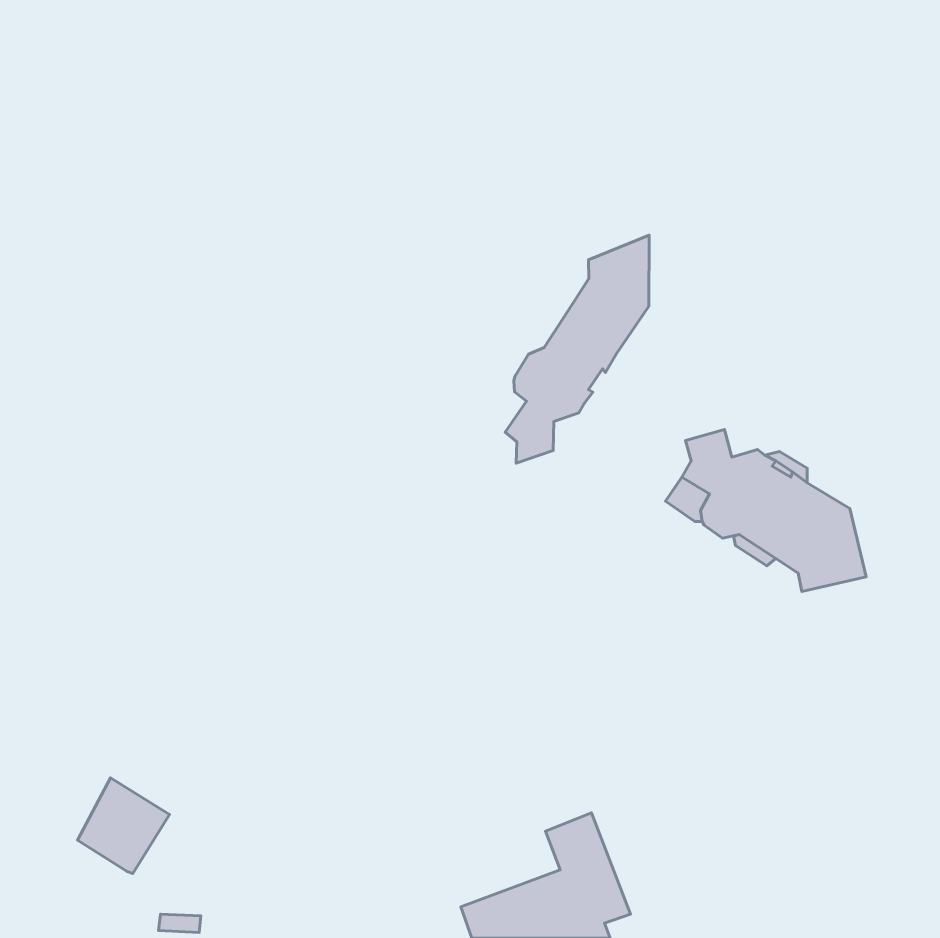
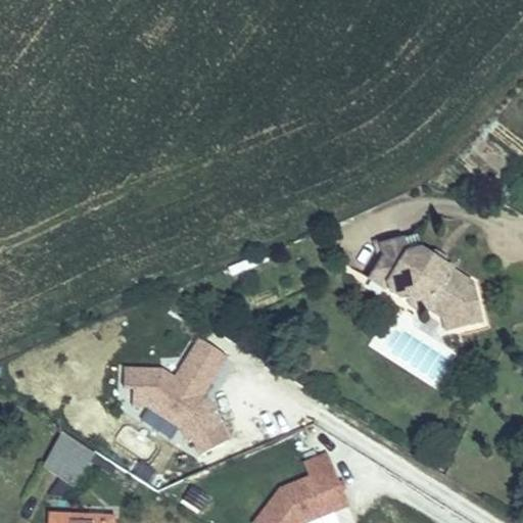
building: [505,235,649,463] -> none
building: none -> [123,341,232,462]

